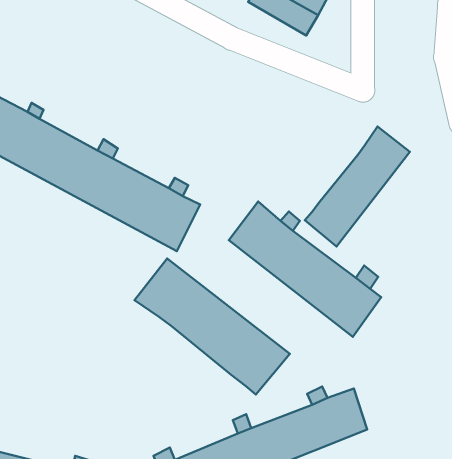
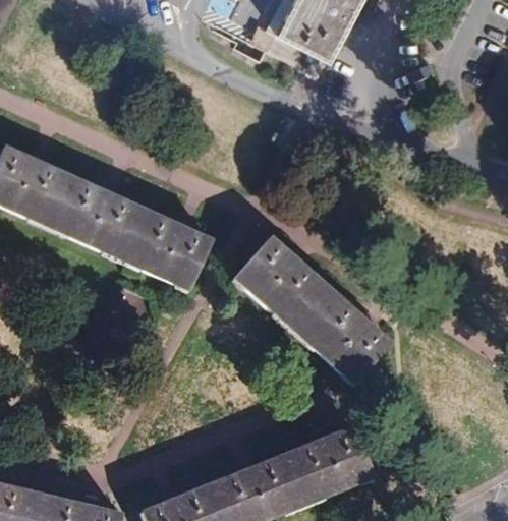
building: [305,127,410,247] -> none
building: [134,259,290,394] -> none

